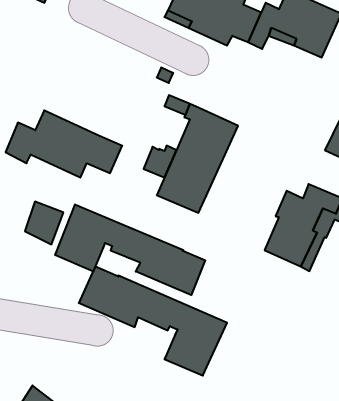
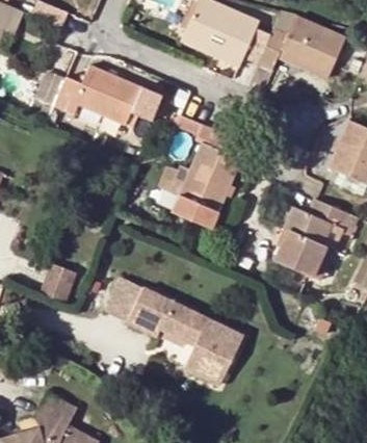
building: [6,110,122,178] -> [56,61,166,125]
building: [25,202,63,244] -> [44,263,80,304]
building: [55,204,205,295] -> none

